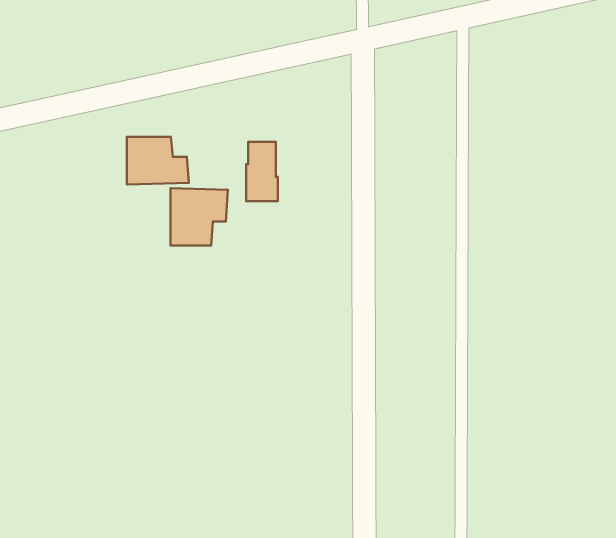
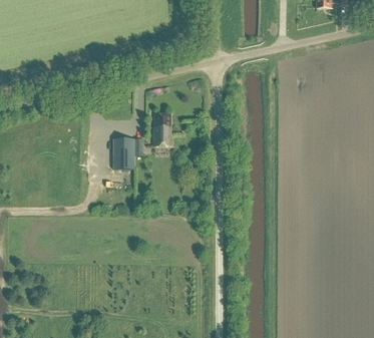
building: [127,137,189,184] -> none

